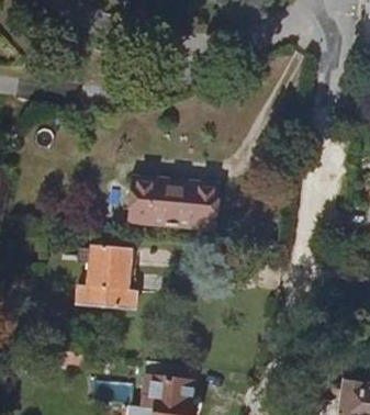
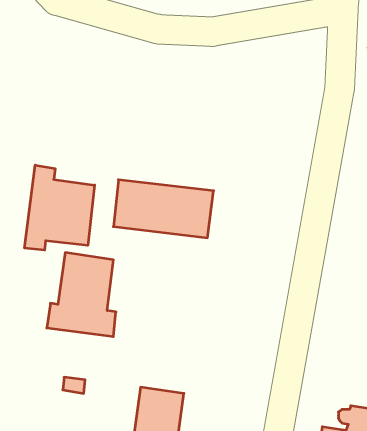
building: none -> [25,165,95,250]

